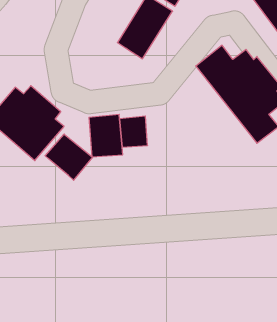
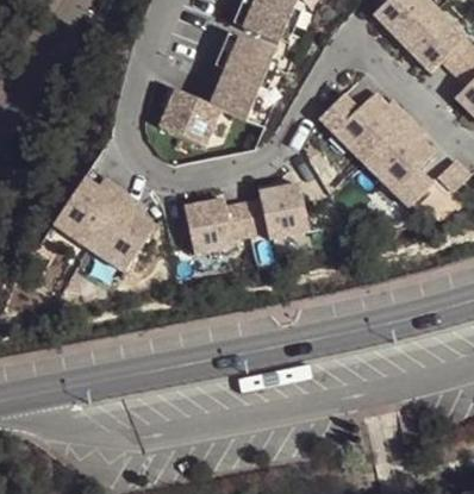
building: none -> [160,86,222,138]
building: none -> [257,180,312,242]
building: [45,134,92,180] -> none

